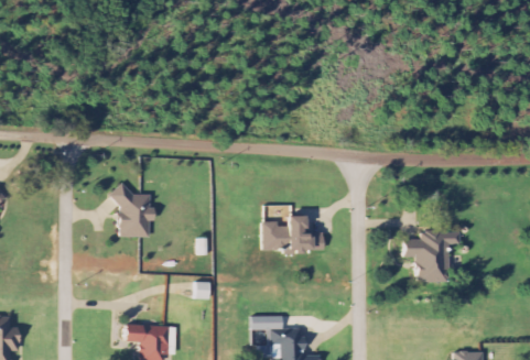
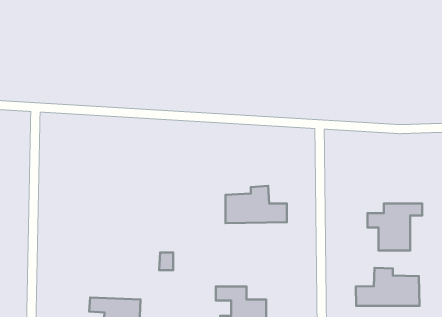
building: [117,189,152,236] -> none
building: none -> [356,268,419,306]

